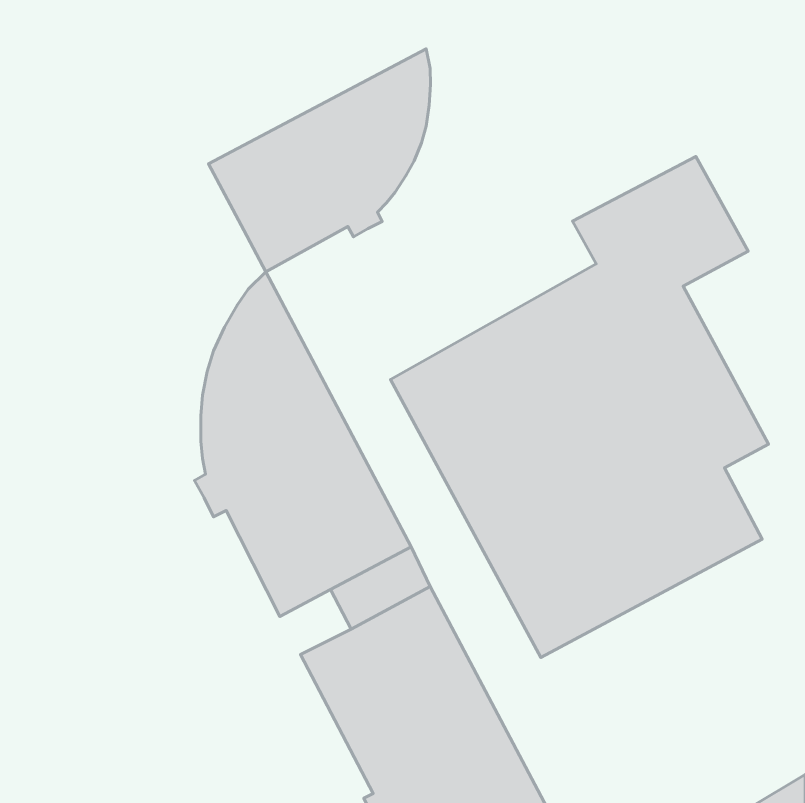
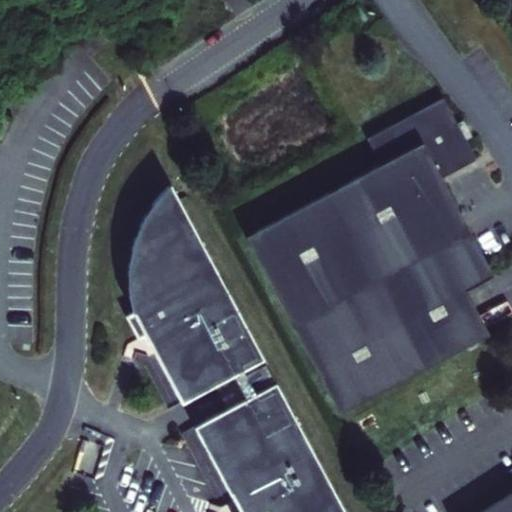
building: [209,49,430,272] -> none

